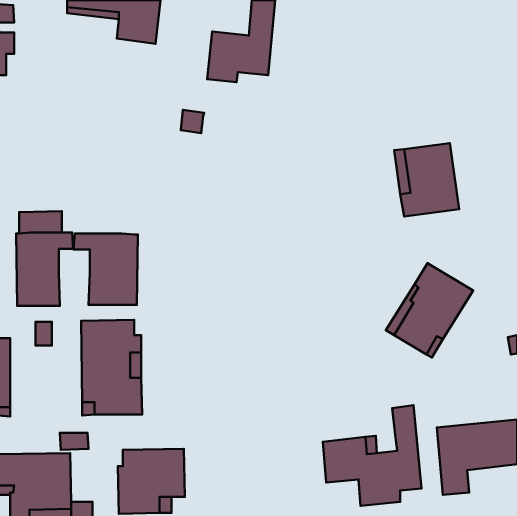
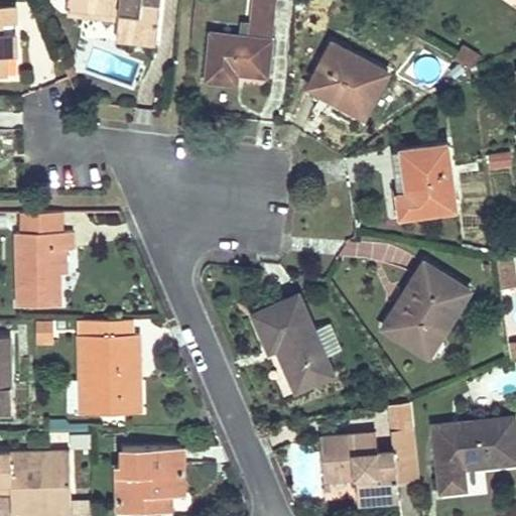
building: none -> [308,45,386,118]
building: [74,233,138,305] -> none
building: none -> [253,295,332,389]

